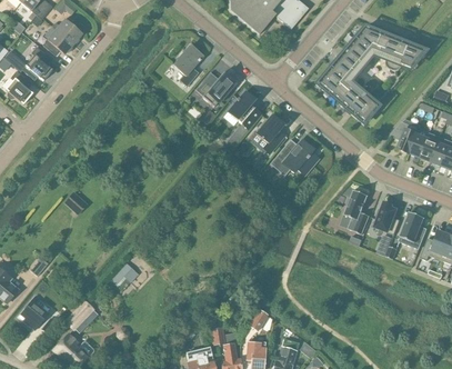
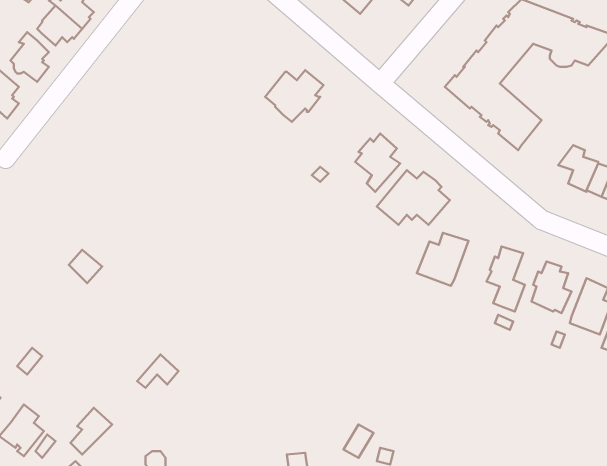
building: [173,46,203,86] -> none
building: [229,91,262,129] -> none
building: none -> [417,233,469,286]

